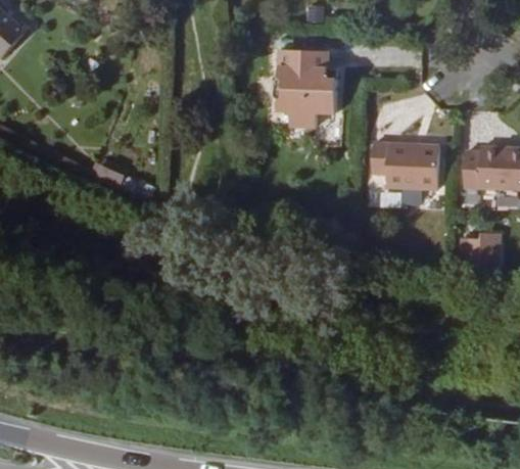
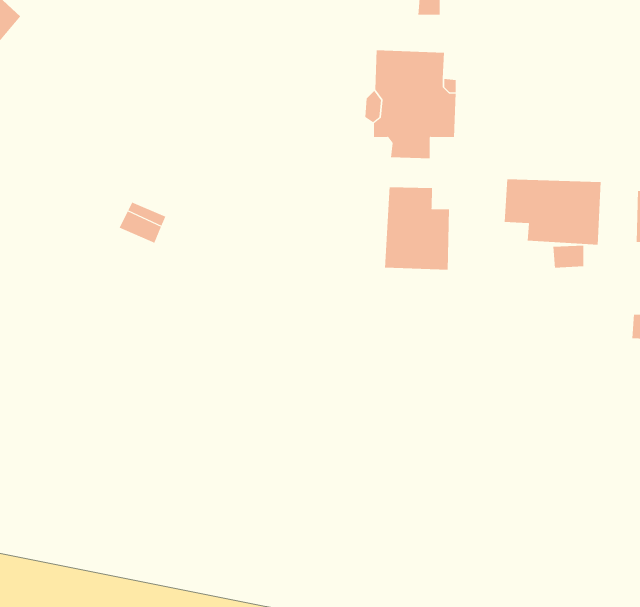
building: none -> [384,187,450,271]

